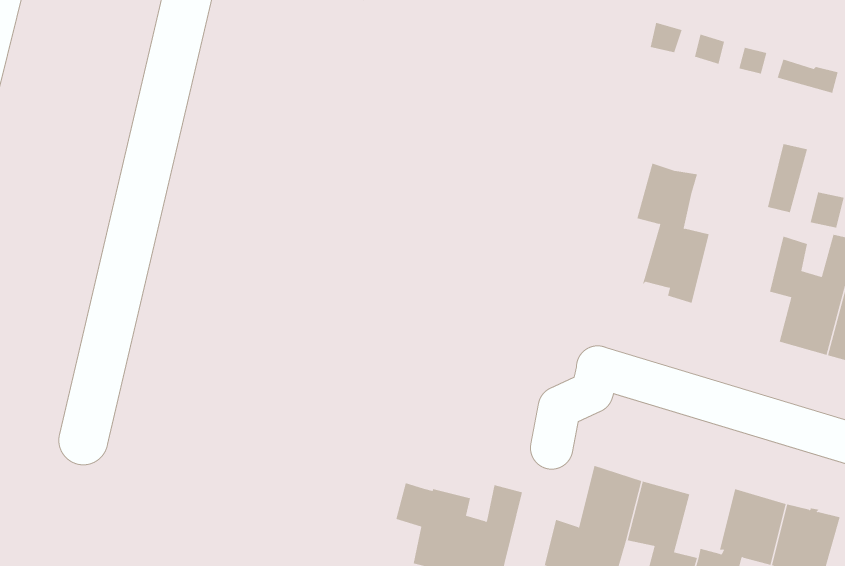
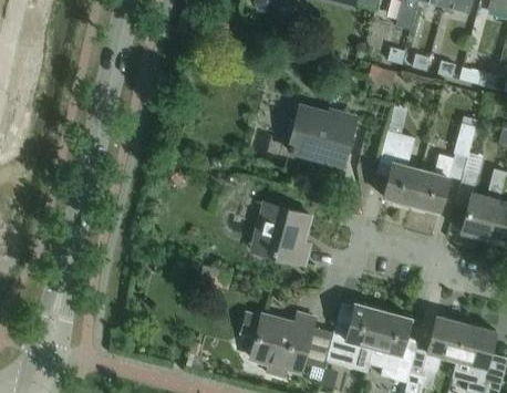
building: none -> [289,106,354,166]
building: none -> [412,153,454,213]
building: none -> [252,204,314,267]

